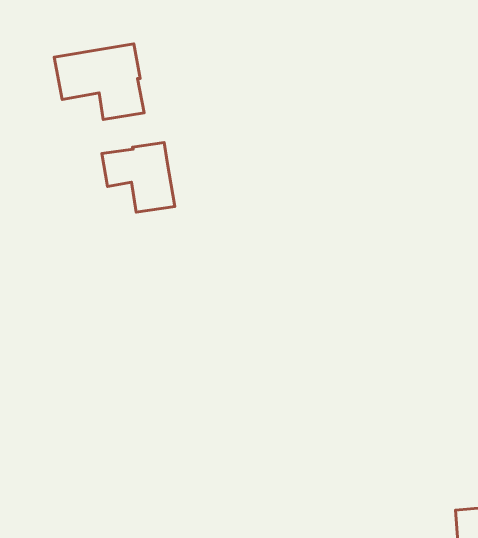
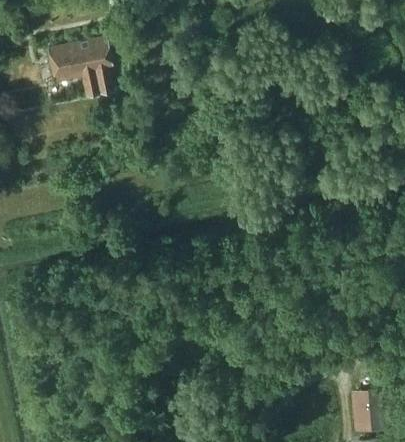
building: [102,143,175,212] -> none

